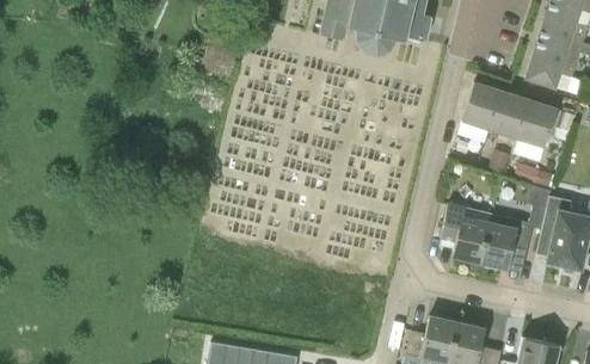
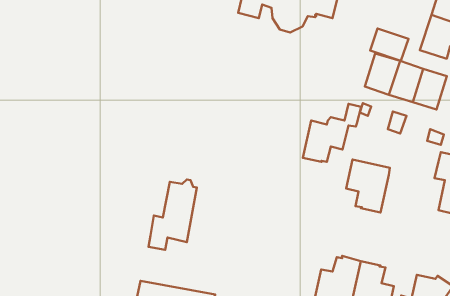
building: none -> [370,29,408,61]
building: [481,203,548,270] -> [303,104,361,162]
building: none -> [148,180,197,250]

